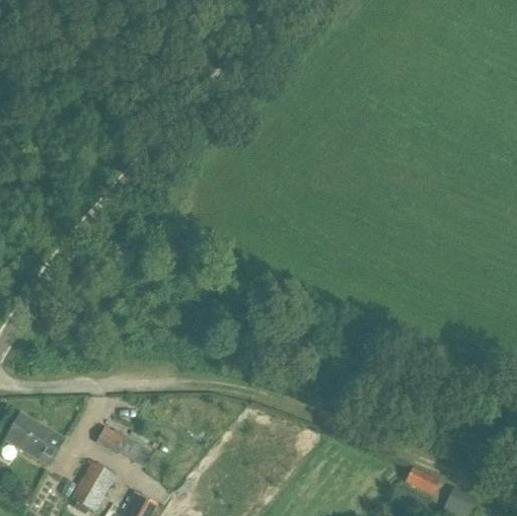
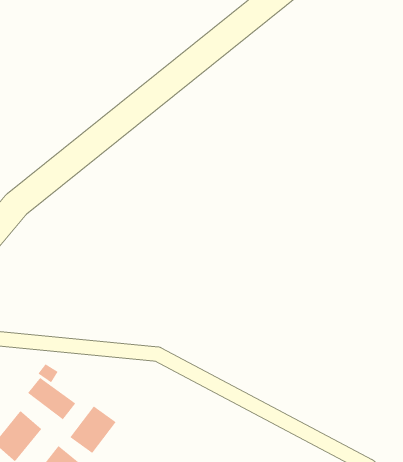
building: none -> [70,406,117,454]

